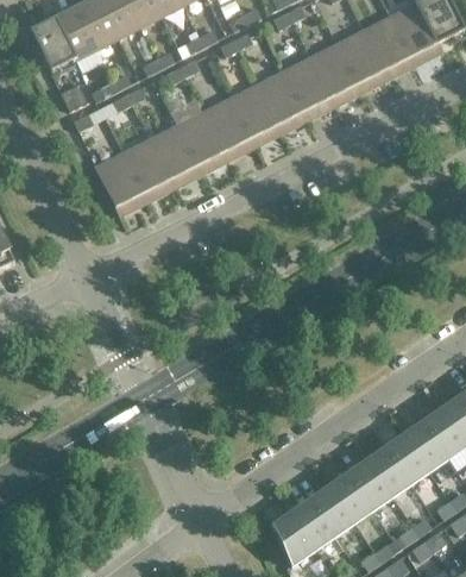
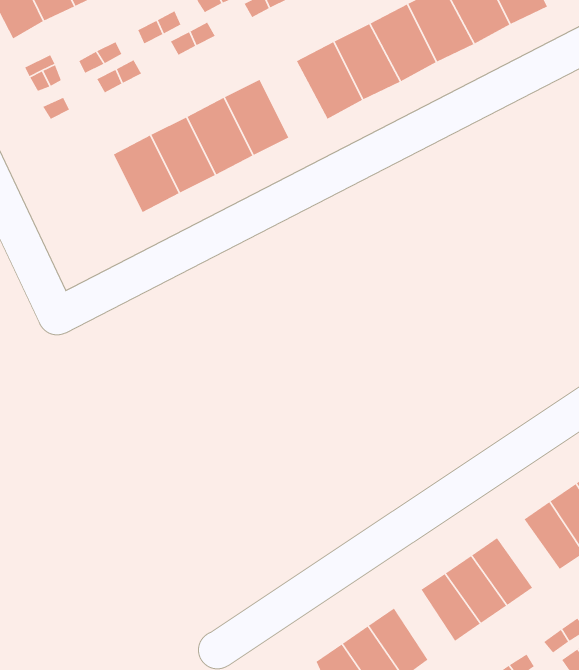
building: [232,86,281,142] -> none
building: [97,153,146,209] -> none
building: [404,419,449,469] -> none
building: [329,470,373,521] -> none

